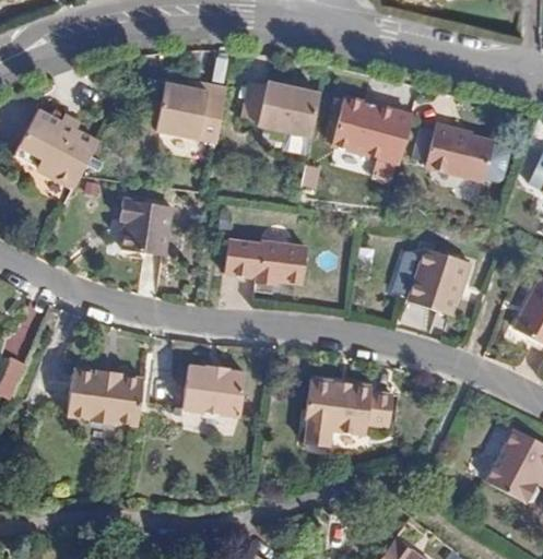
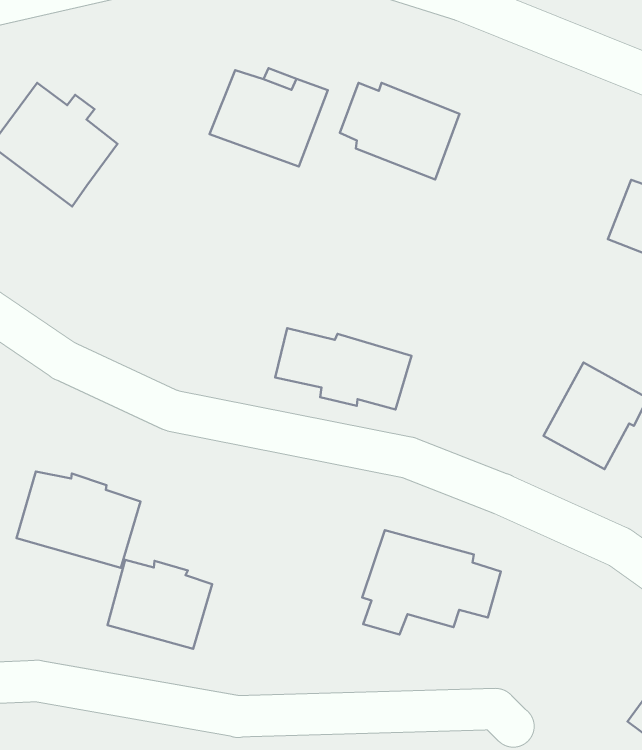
building: [332,94,414,162] -> none
building: [116,204,169,259] -> none
building: [181,360,247,415] -> [108,560,212,649]

